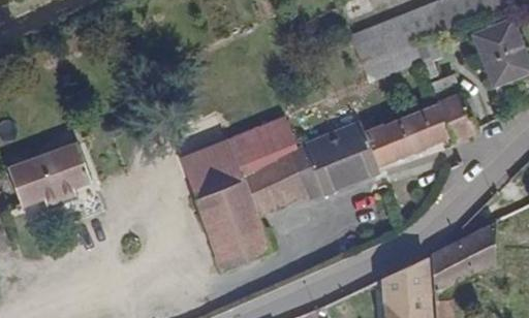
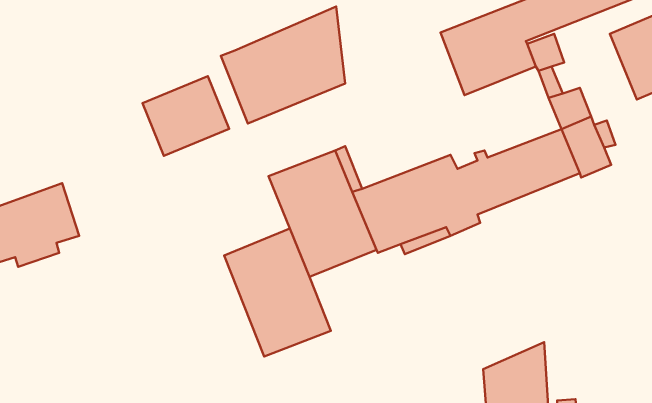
building: none -> [221,6,345,124]
building: [179,138,242,196] -> [142,76,229,156]
building: [433,222,495,294] -> none

